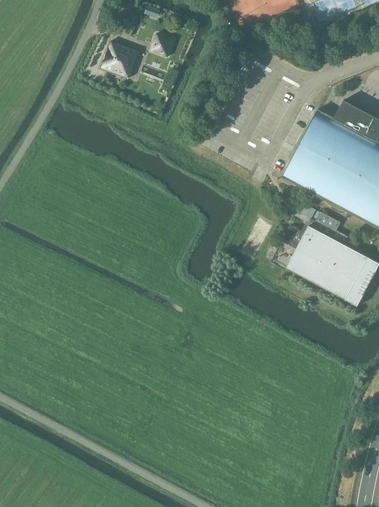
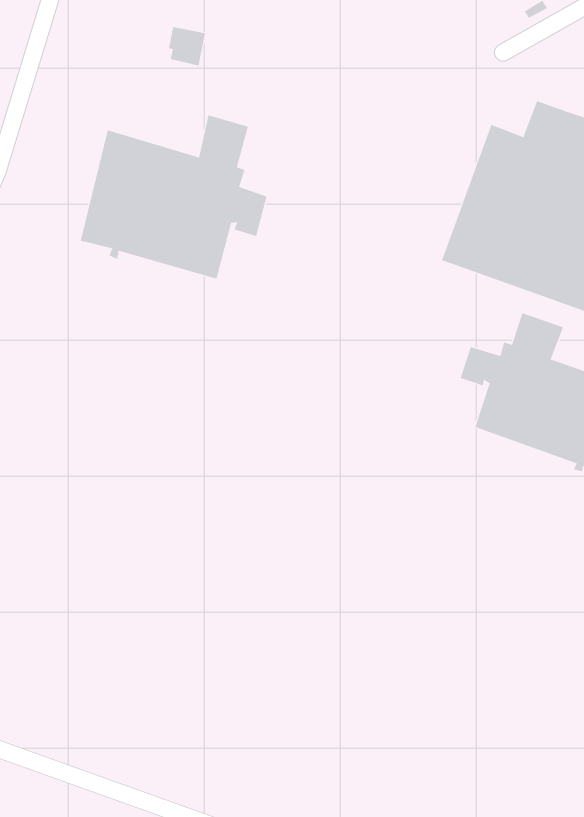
building: [102,39,140,77] -> none
building: none -> [80,115,267,279]

